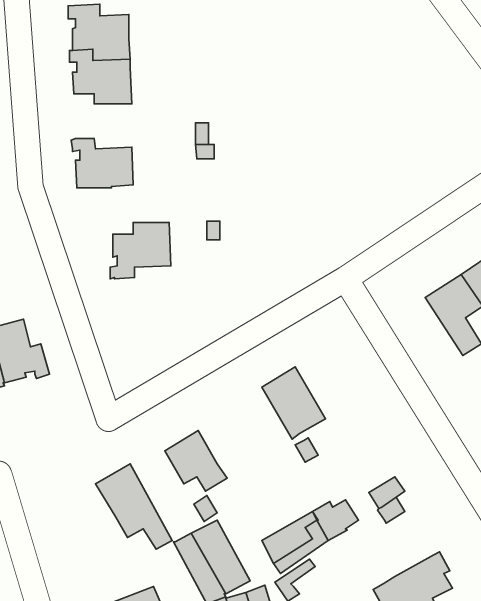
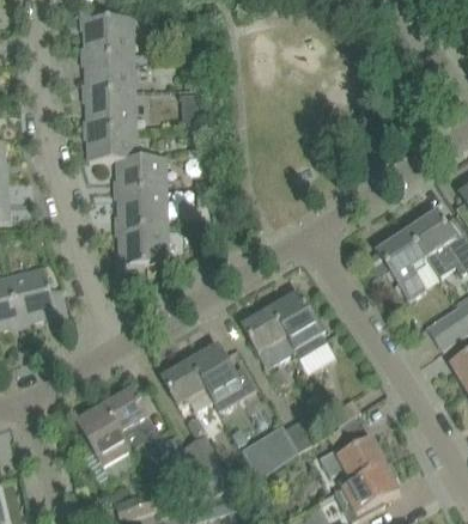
building: none -> [81,80,133,126]
building: none -> [114,154,164,196]
building: none -> [116,223,166,270]
building: none -> [268,291,326,358]
building: none -> [188,343,254,408]
building: none -> [75,403,129,463]
building: none -> [318,435,383,480]

